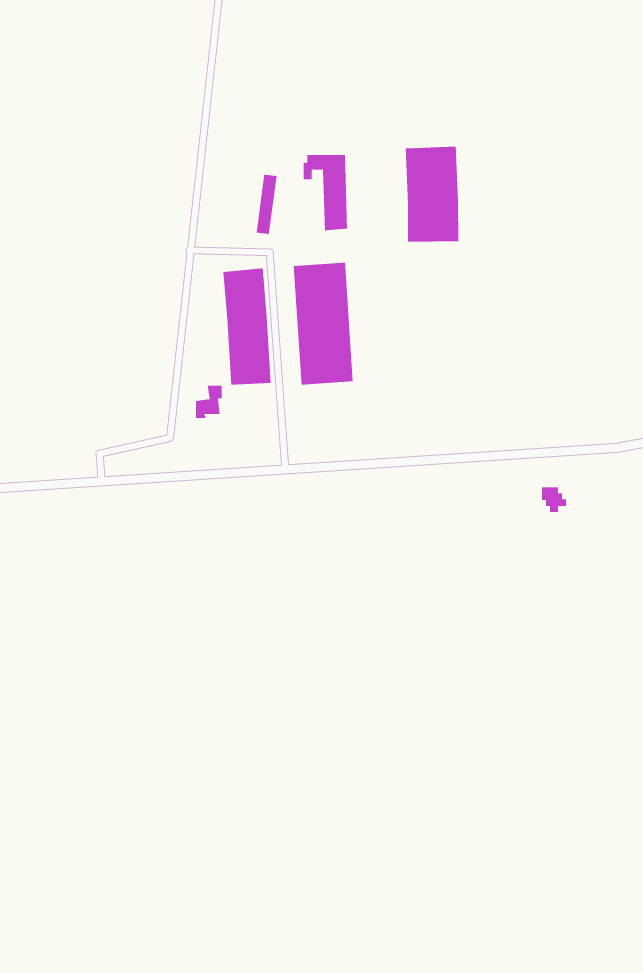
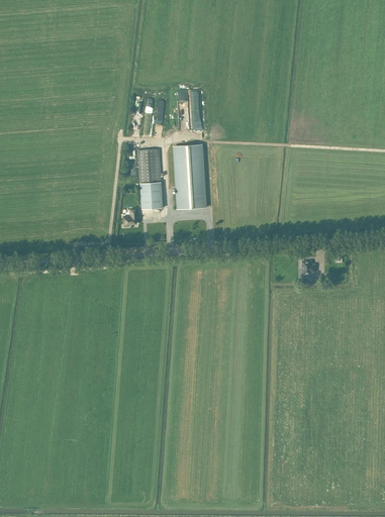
building: [405,146,459,242] -> none

